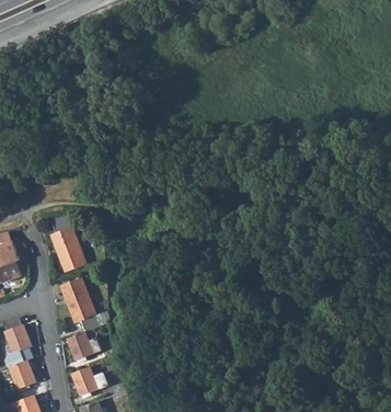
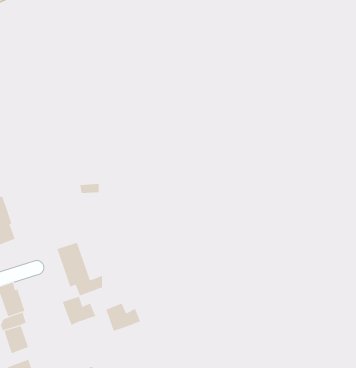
building: [50,217,85,273] -> none
building: [72,367,107,396] -> [106,303,141,332]

